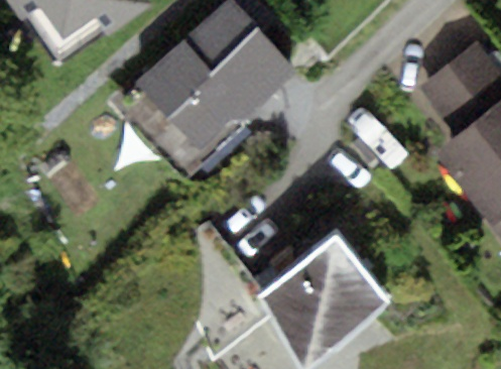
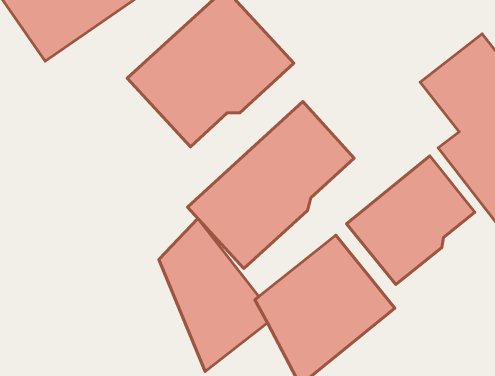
building: none -> [188,101,354,269]
building: none -> [346,156,475,285]

